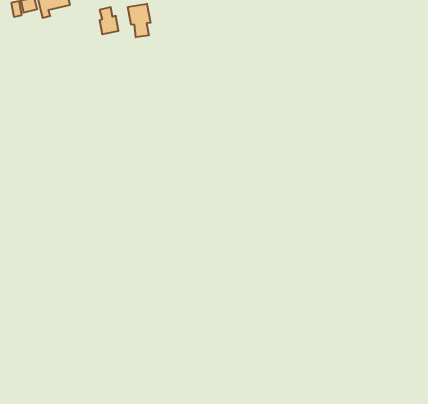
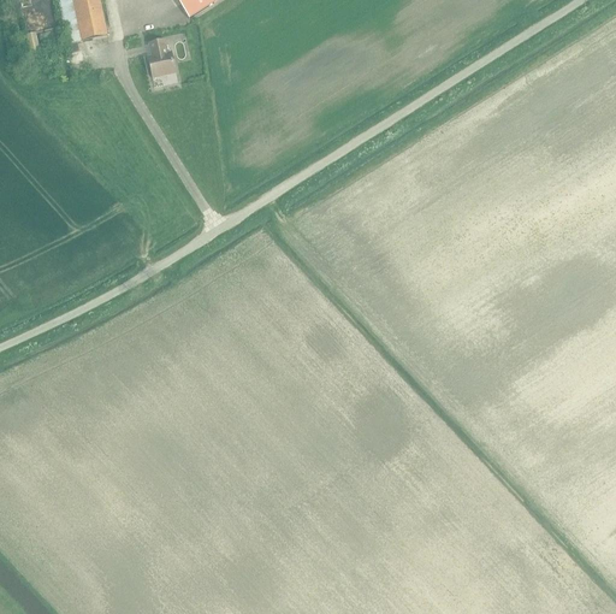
building: [128,4,151,37] -> none

